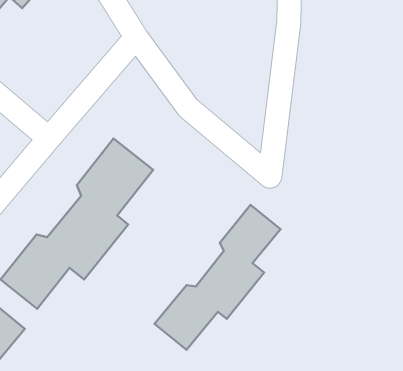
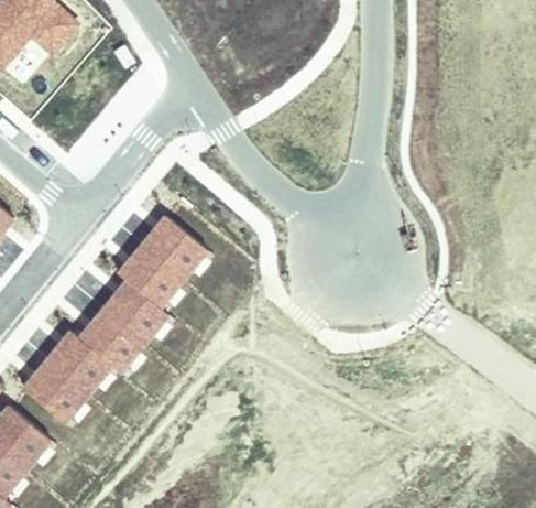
building: [155,205,281,350] -> none

